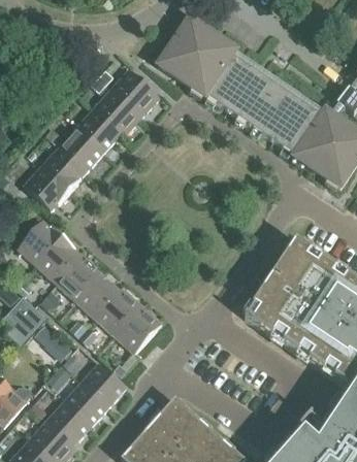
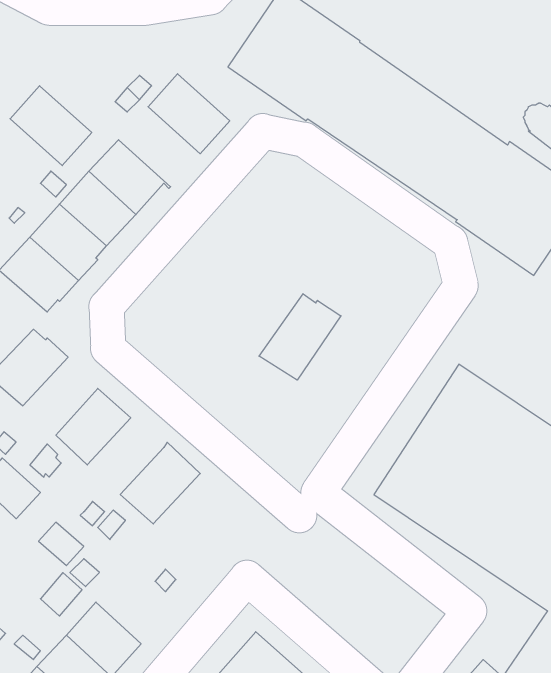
building: [93,88,141,135] -> [10,86,92,166]
building: none -> [259,294,341,380]
building: [36,236,80,283] -> none
building: [74,272,120,318] -> none
building: [113,305,161,353] -> none
building: [79,362,125,406] -> none

